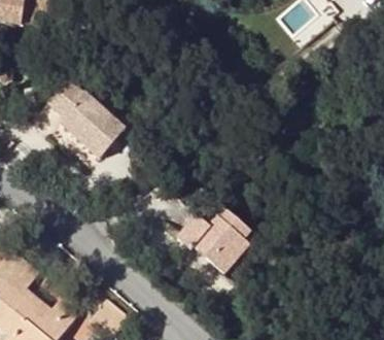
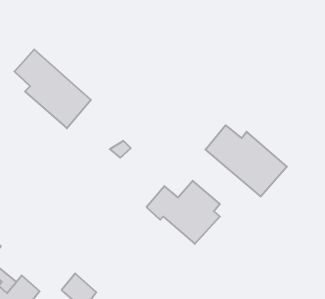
building: none -> [205,125,287,197]

